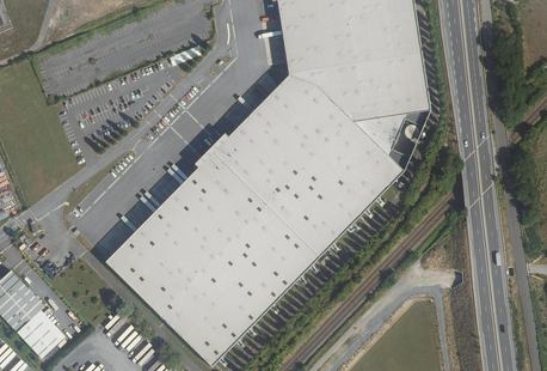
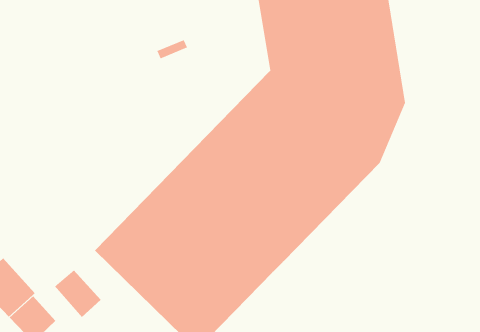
building: none -> [54,269,101,318]

